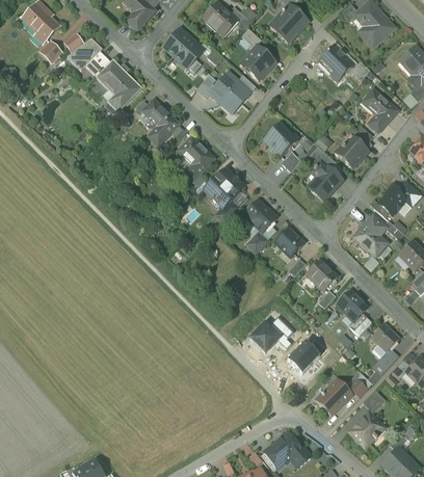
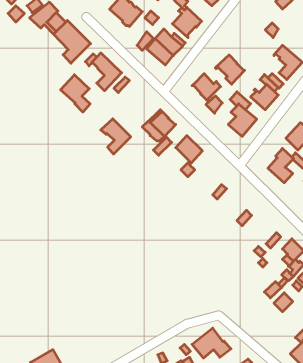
building: [318,46,353,81] -> [215,55,245,84]
building: none -> [61,75,90,112]
building: [178,137,214,180] -> [101,119,131,154]
building: [274,229,303,258] -> none
building: [307,261,338,291] -> none
building: [338,292,367,321] -> none
building: [247,320,281,353] -> none
building: [288,341,319,373] -> none
building: [316,379,351,415] -> none
building: [349,413,385,447] -> none

